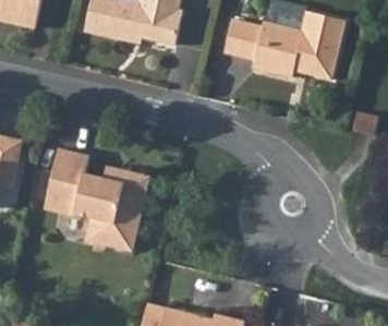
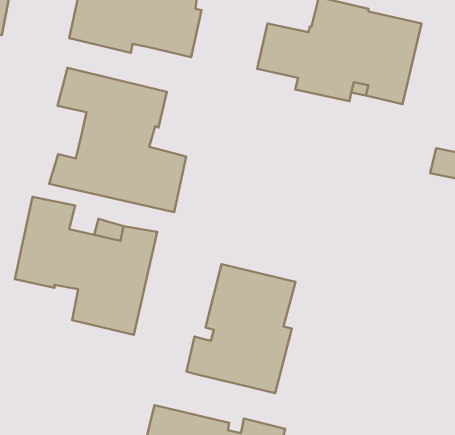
building: none -> [49,68,186,212]
building: none -> [187,264,295,393]

